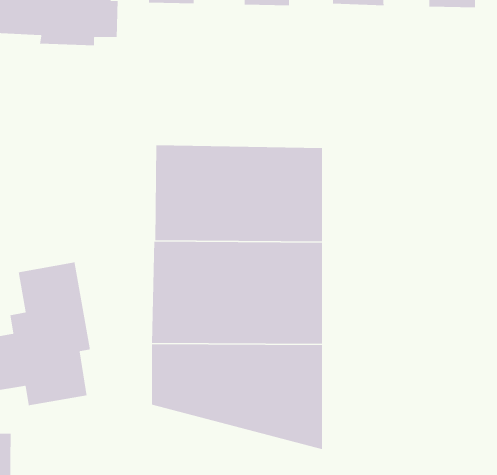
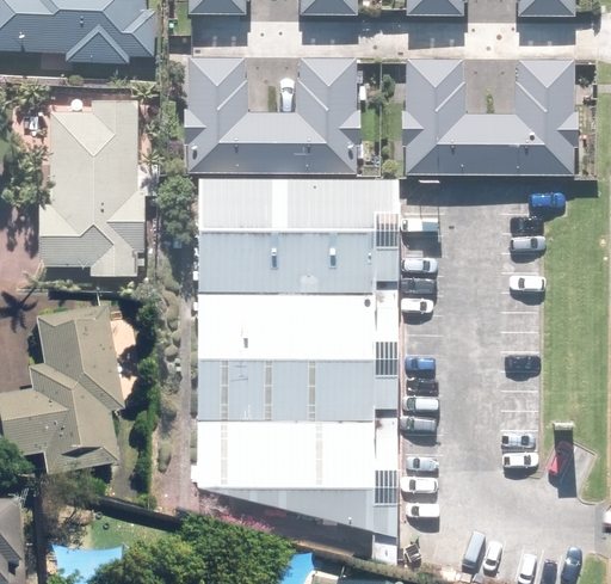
building: none -> [187,54,362,173]
building: none -> [401,54,580,174]
building: none -> [38,97,148,275]

